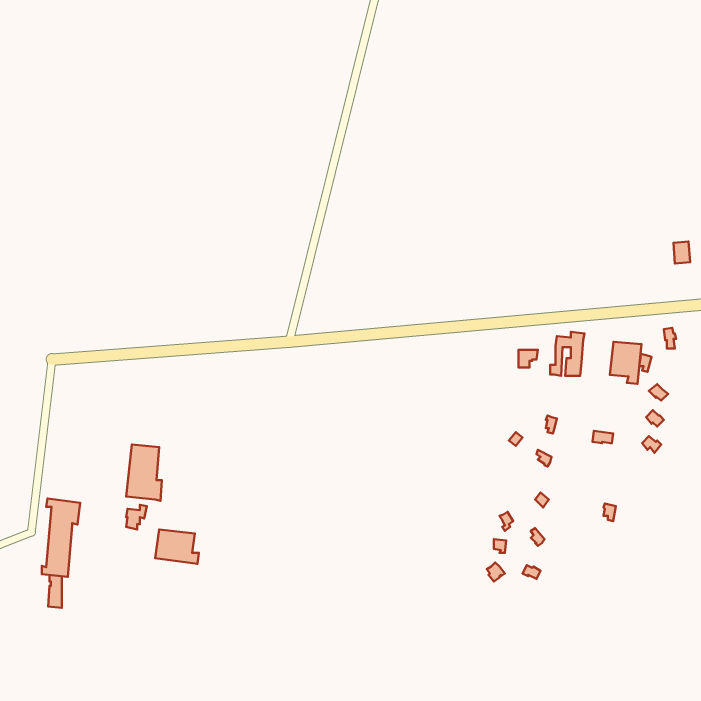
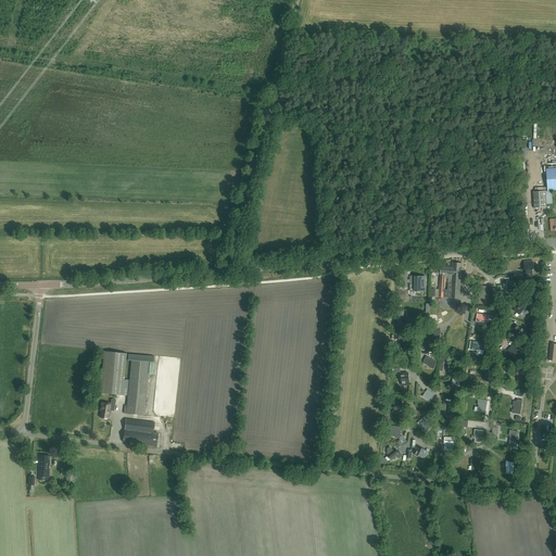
building: [610,342,641,384] -> none
building: [42,499,80,577] -> [124,354,154,416]

